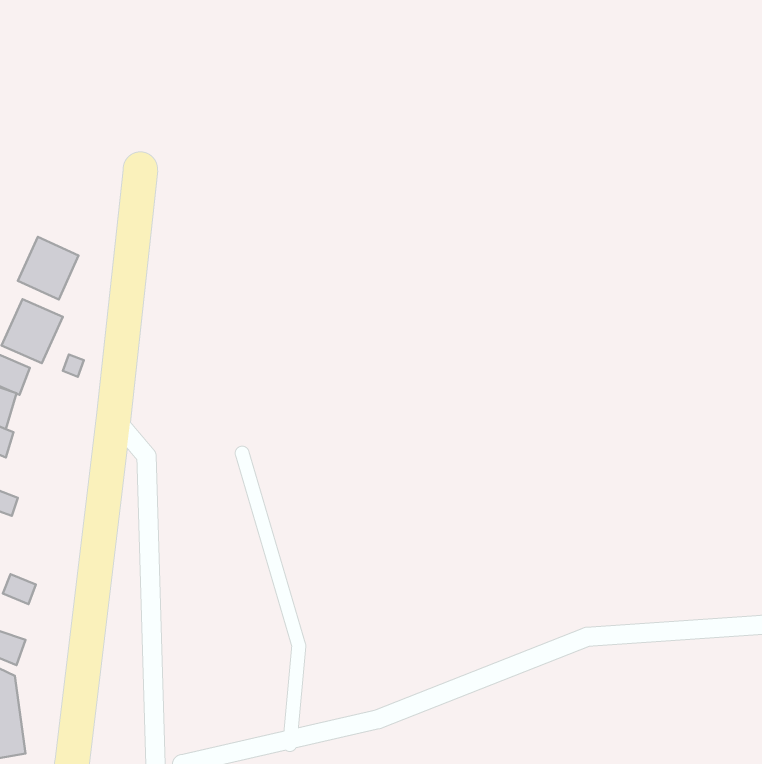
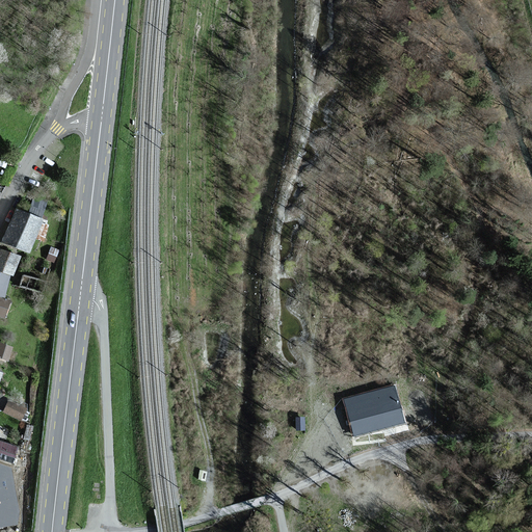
building: [18,237,79,300] -> none
building: none -> [345,388,402,433]

